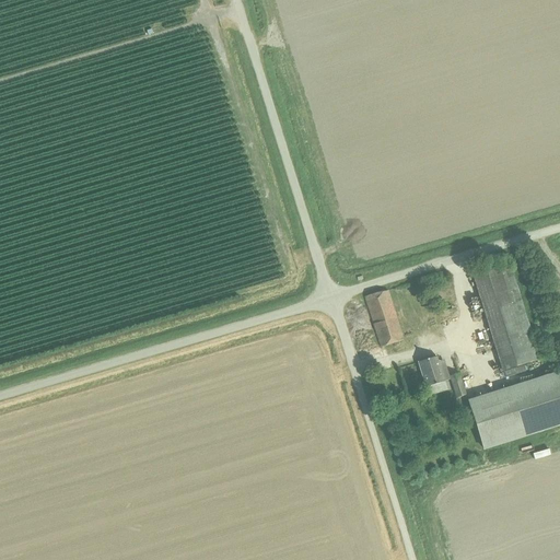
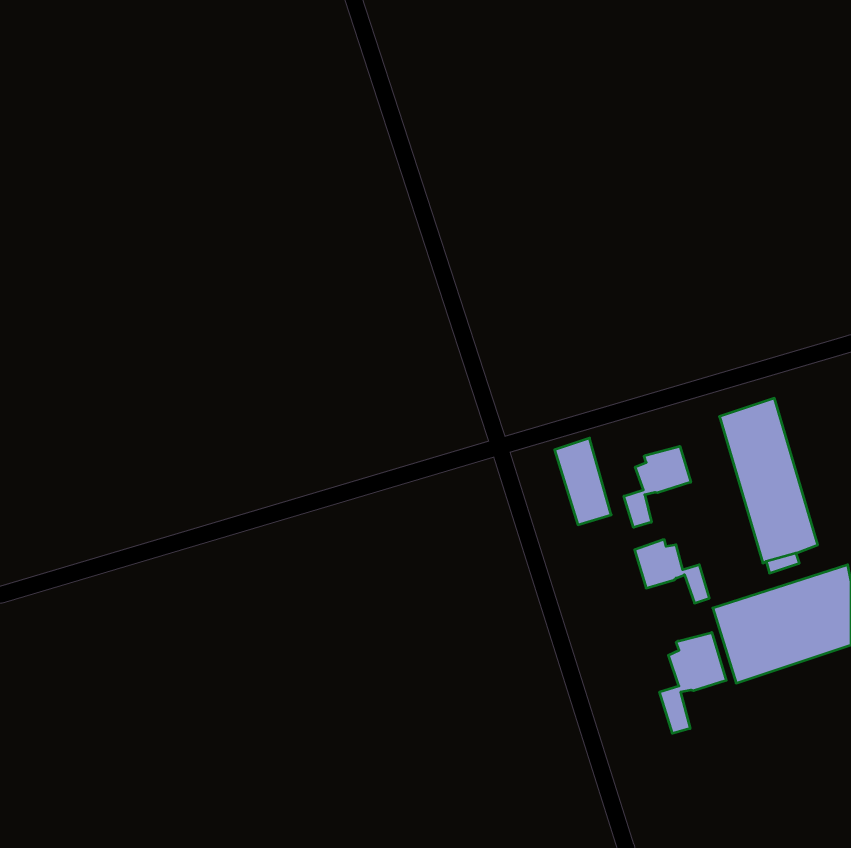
building: none -> [624,446,691,527]
building: none -> [660,632,726,733]

